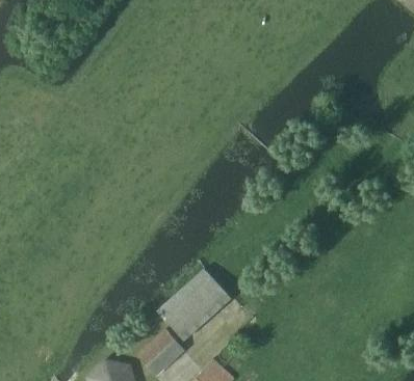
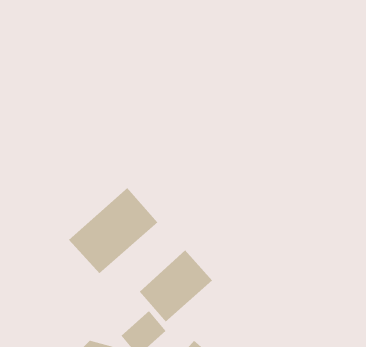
building: none -> [68,187,159,274]

